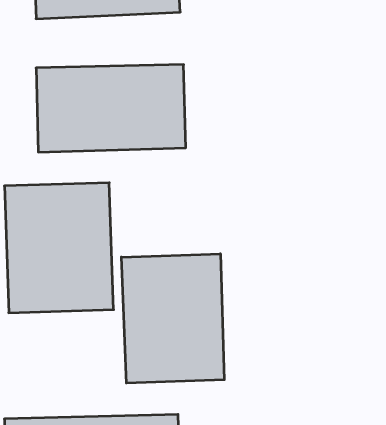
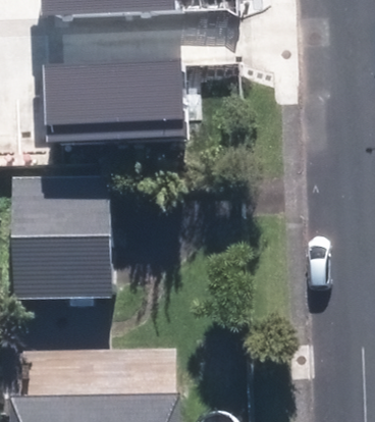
building: [121,254,224,383] -> none

